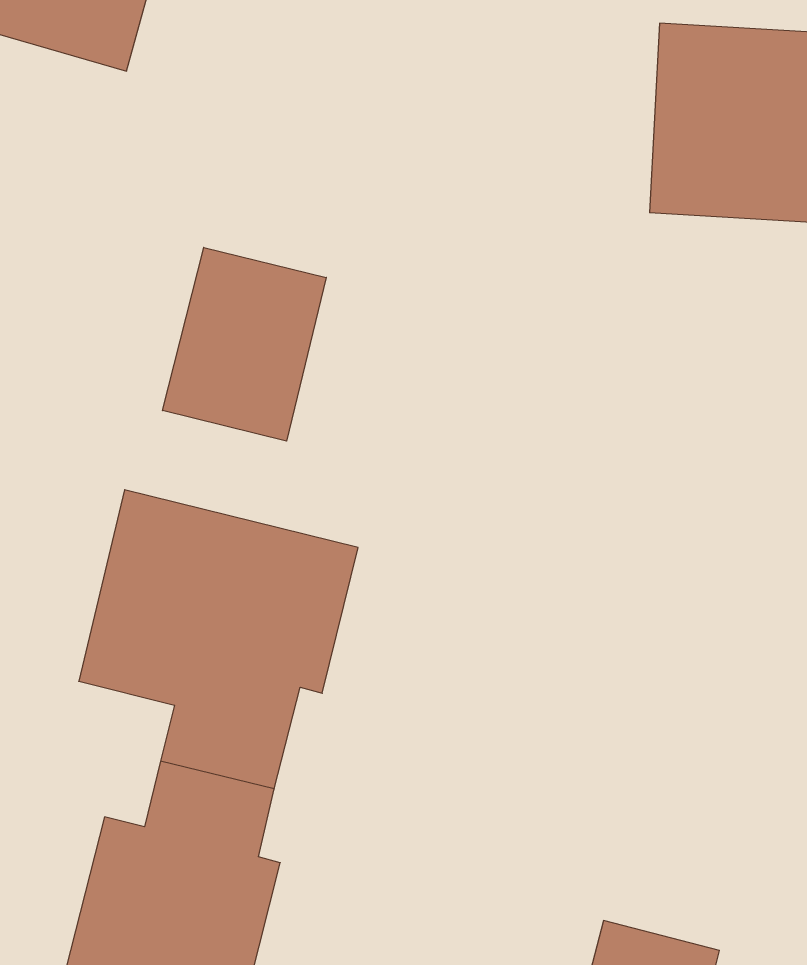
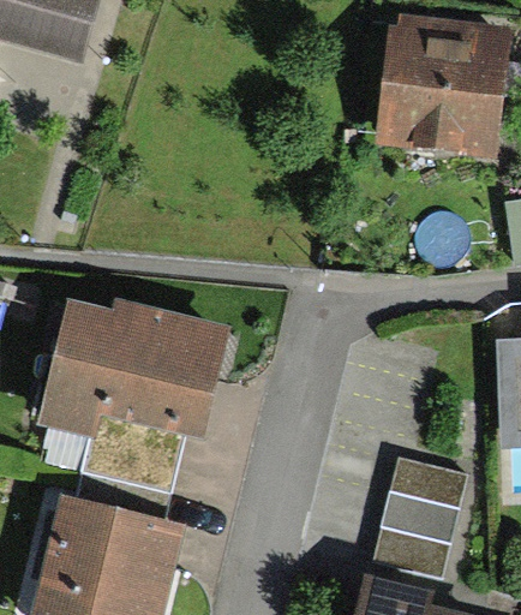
building: [163,247,326,441] -> none
building: none -> [372,455,467,577]

